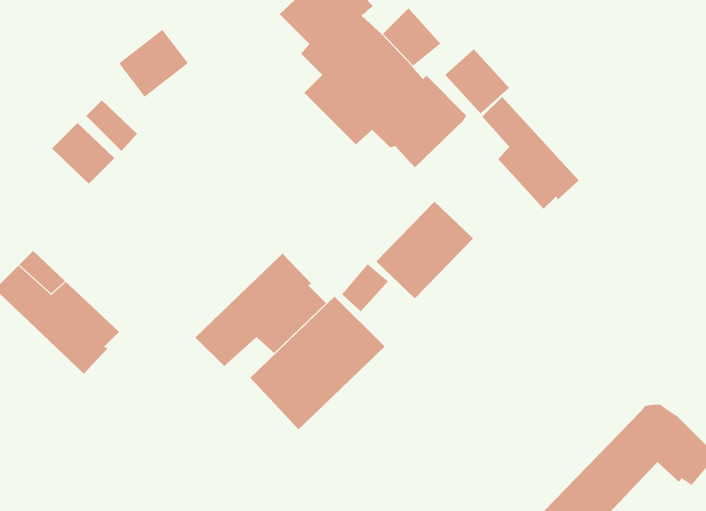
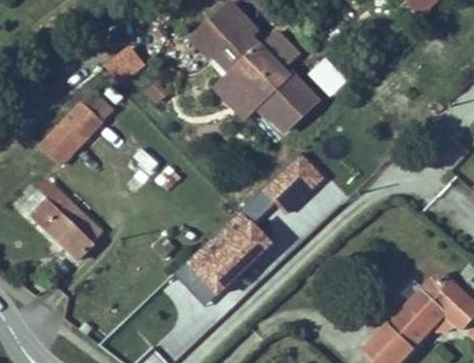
building: [482,96,580,210] -> none
building: none -> [36,118,83,165]
building: [195,253,327,367] -> none

